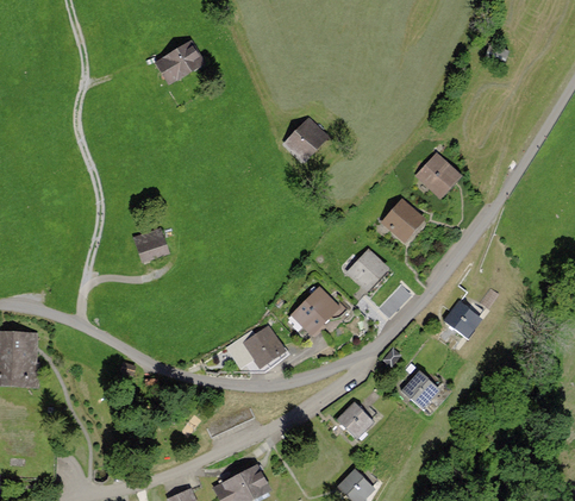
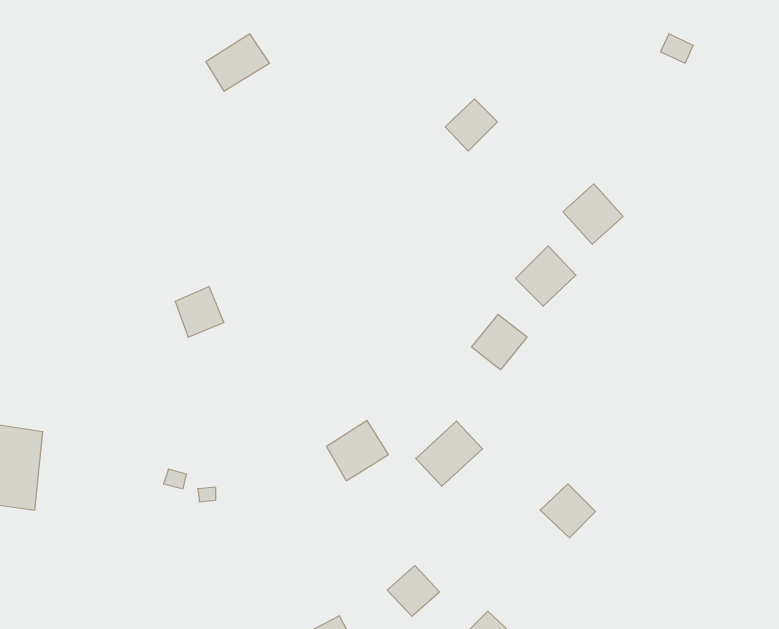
building: [286,121,324,159] -> [445,99,497,151]
building: [292,287,340,334] -> [416,421,483,486]
building: [443,302,481,340] -> none
building: [337,403,375,440] -> [387,566,439,616]

